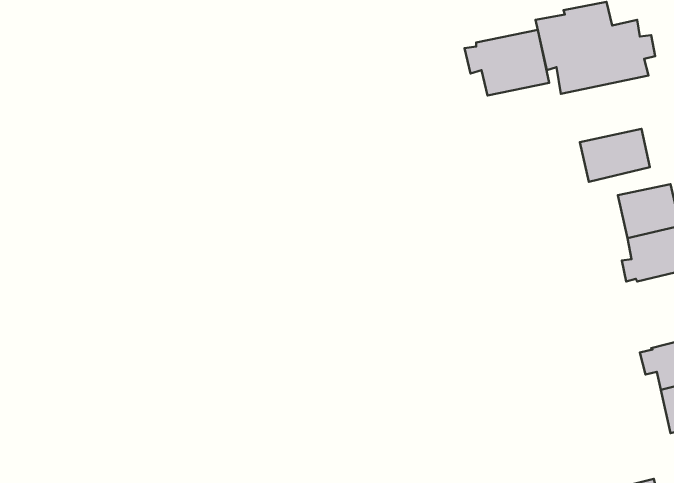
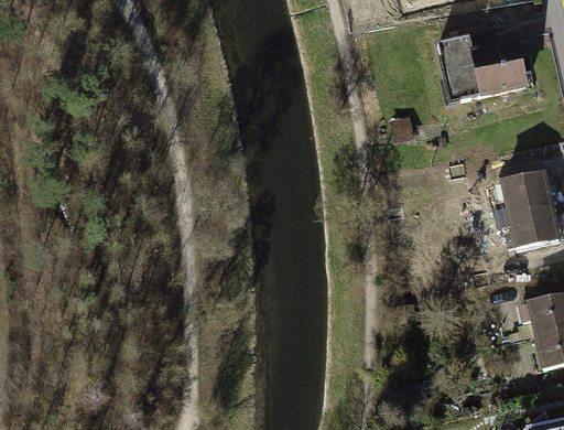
building: [464,30,549,95] -> none
building: [580,129,650,182] -> none

